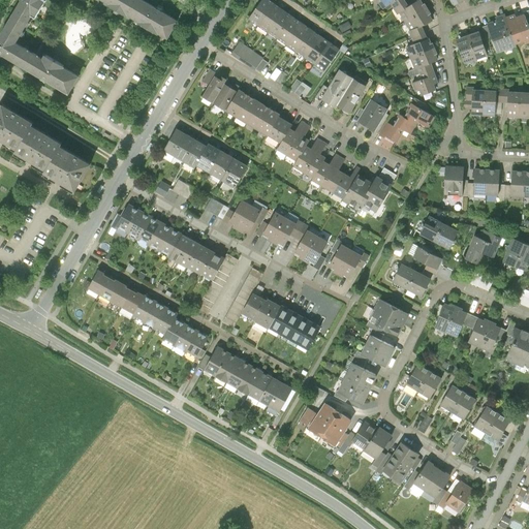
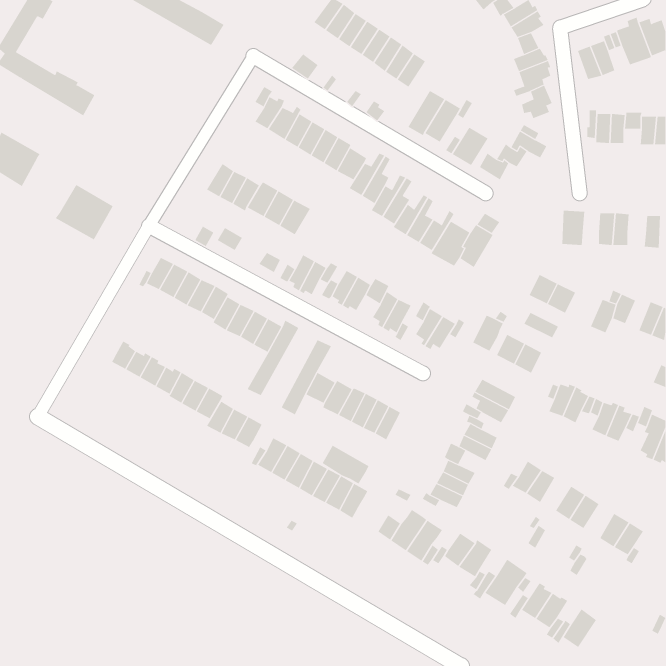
building: [15,125,61,168] -> none
building: none -> [472,315,504,351]
building: none -> [322,445,369,484]

